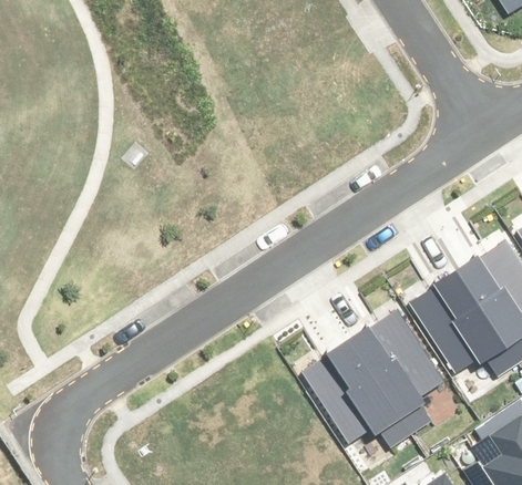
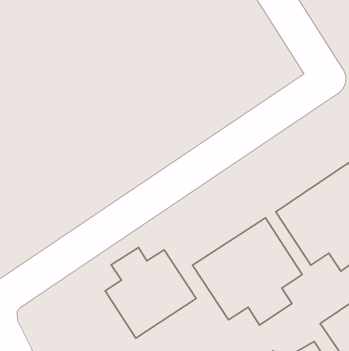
building: none -> [105,247,196,338]

